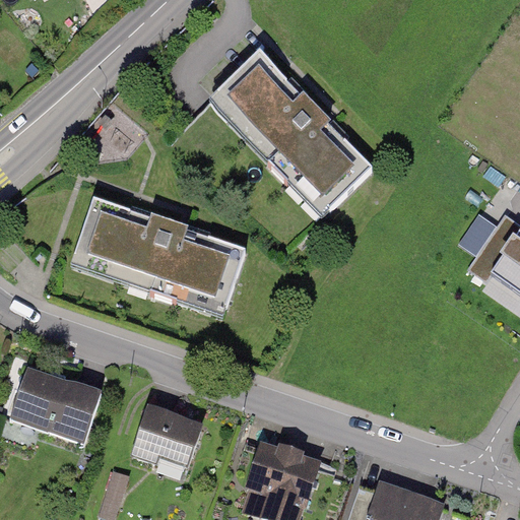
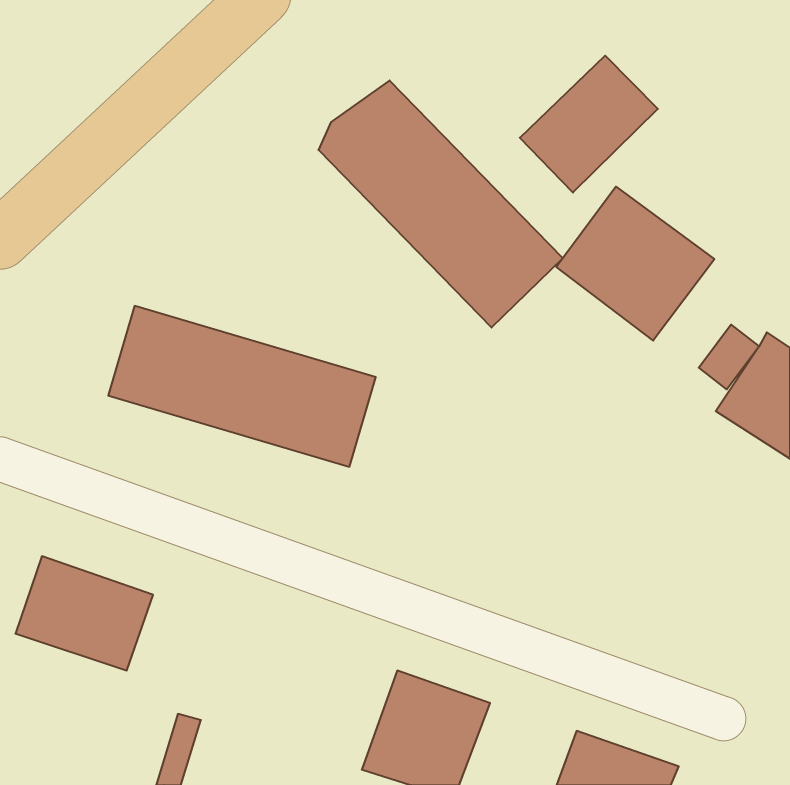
building: none -> [520,56,658,193]
building: none -> [556,187,714,341]
building: [133,403,203,463] -> none

